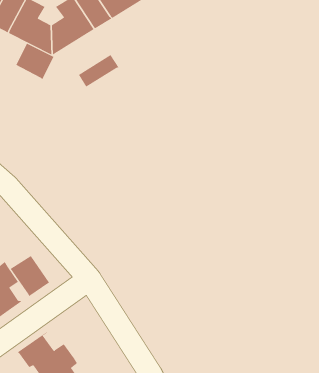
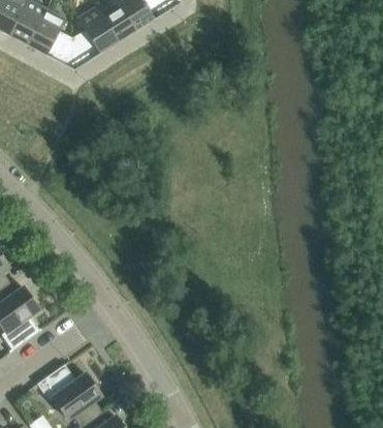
building: [15,43,54,80] -> none
building: [78,54,119,87] -> none
building: [10,255,50,297] -> none

